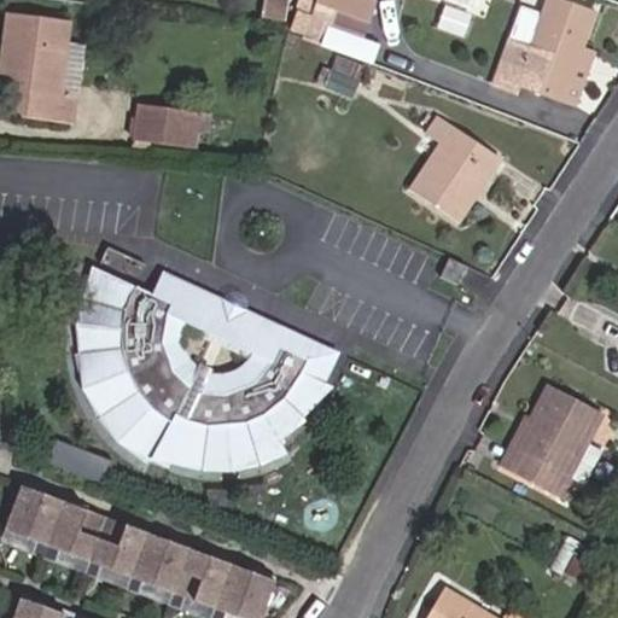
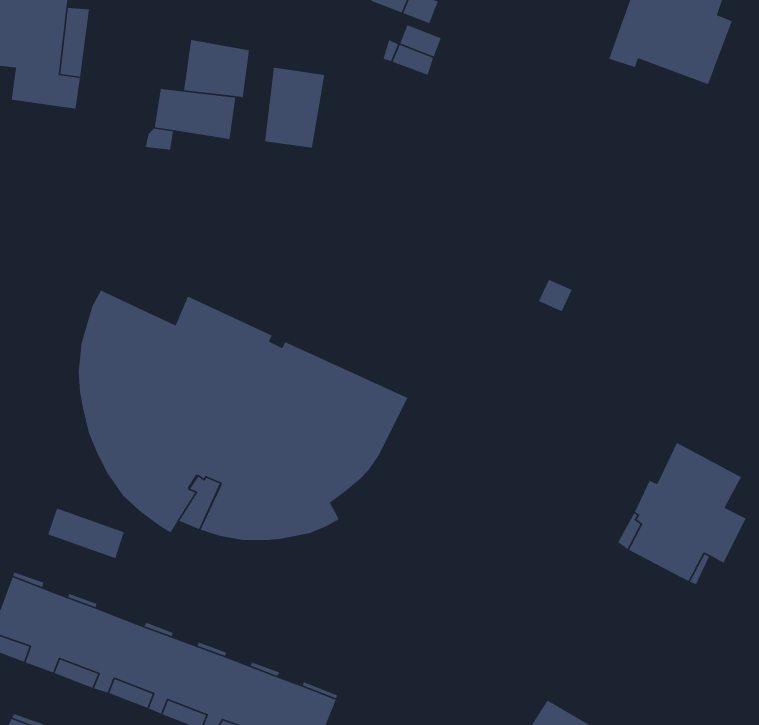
building: none -> [183,39,250,98]
building: none -> [264,67,325,148]
building: [412,112,501,218] -> none

